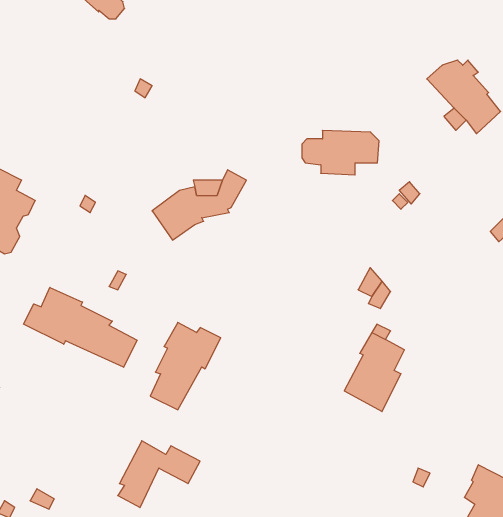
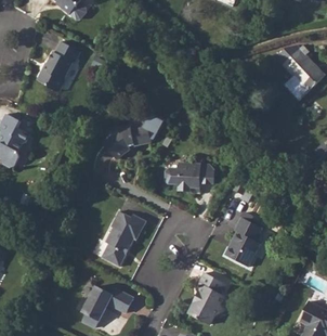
building: none -> [36,40,80,92]
building: [302,130,379,175] -> [166,163,214,191]
building: [24,287,137,367] -> none
building: none -> [187,272,224,324]

